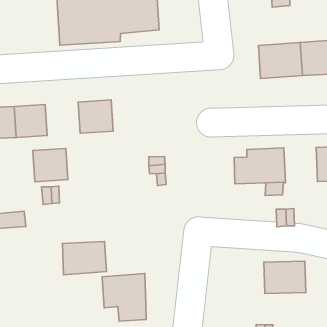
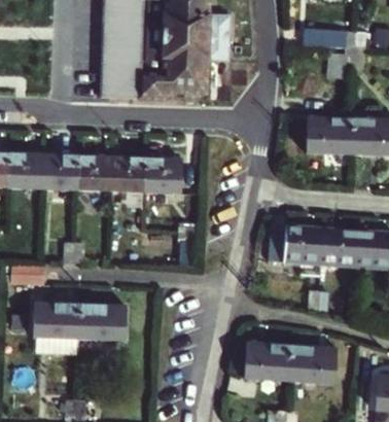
building: none -> [146,159,181,192]
building: none -> [322,226,358,266]
building: [33,148,68,182] -> [76,156,112,190]
building: none -> [245,342,291,378]
building: [102,274,146,321] -> [35,304,81,353]

